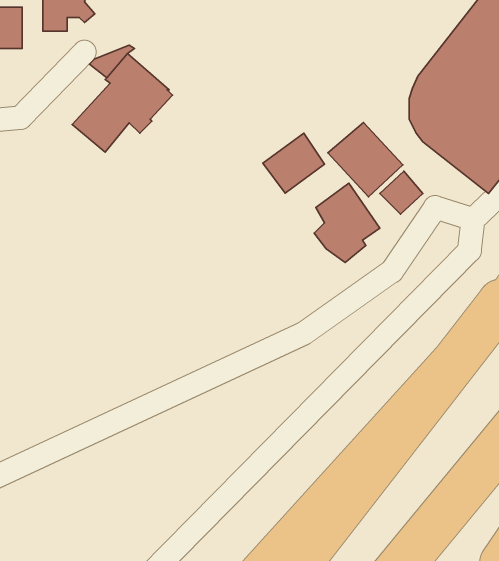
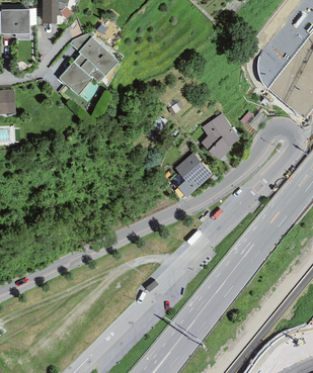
building: [328,122,403,197] -> none
building: [263,133,324,193] -> none
building: none -> [174,152,213,197]

